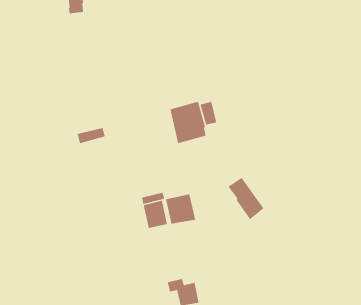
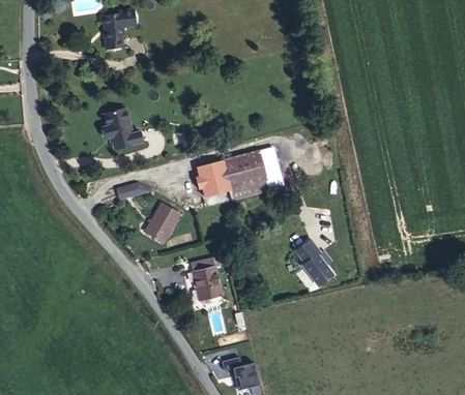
building: none -> [100,107,145,153]
building: none -> [196,159,233,207]
building: none -> [147,203,180,242]
building: [165,193,196,225] -> none

